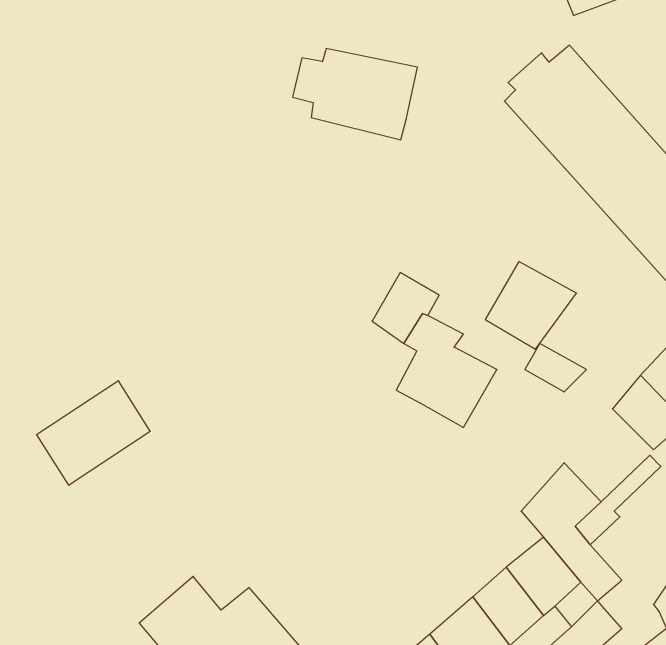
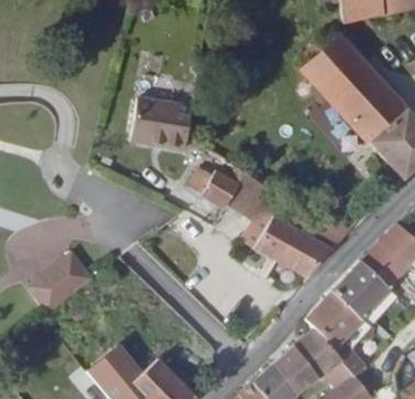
building: [293,49,417,140] -> [115,98,189,153]
building: none -> [188,162,242,213]
building: [485,262,577,349] -> [280,231,334,283]
building: none -> [340,254,393,309]

